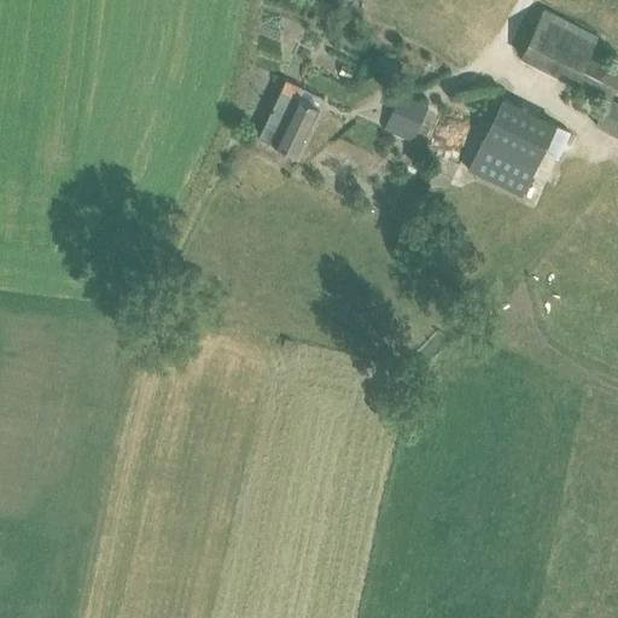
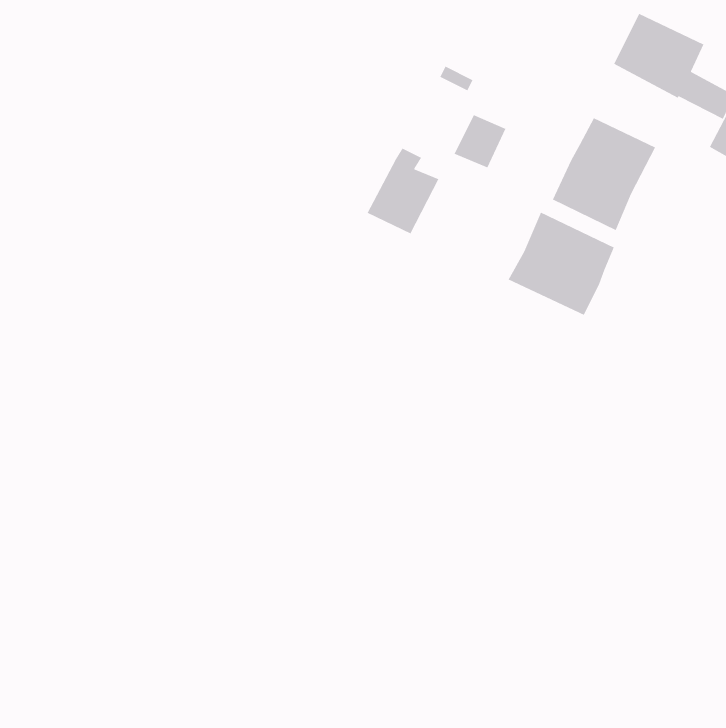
building: [258,81,320,154] -> [367,148,439,235]
building: none -> [508,212,615,316]

